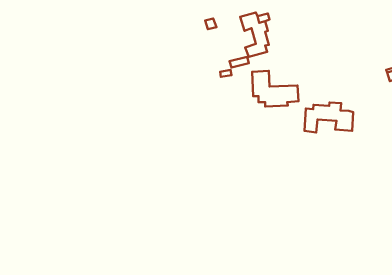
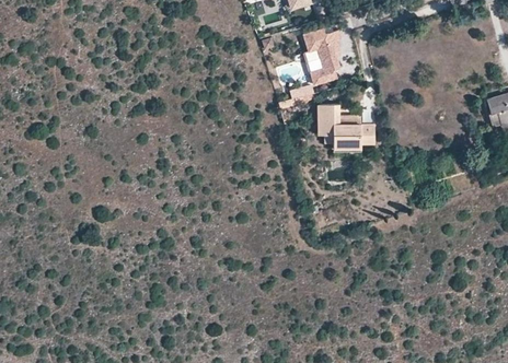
building: [304,102,353,132] -> none

